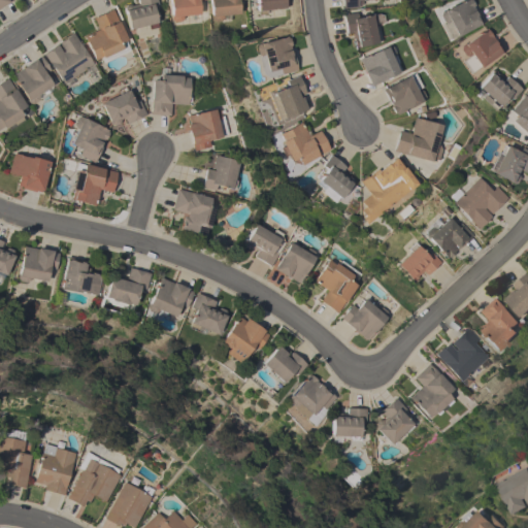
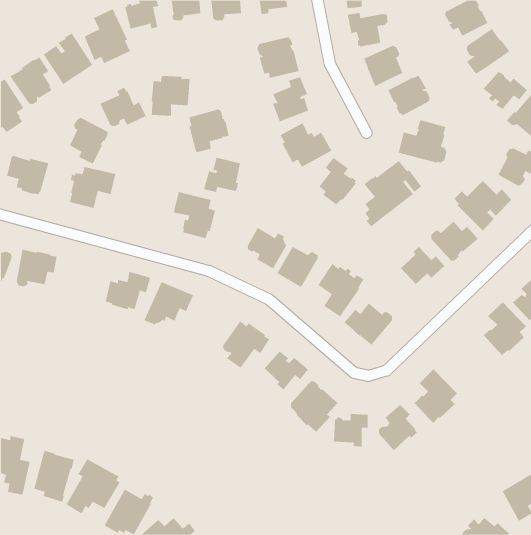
building: [62,256,103,295] -> none
building: [191,293,229,335] -> none
building: [437,327,489,382] -> none

